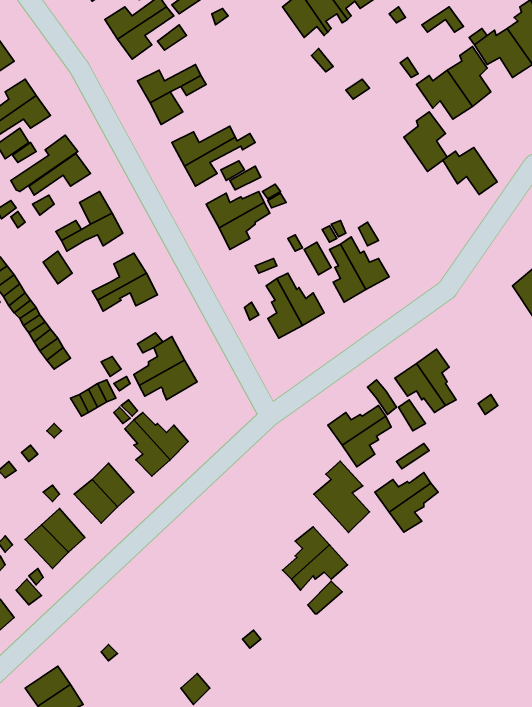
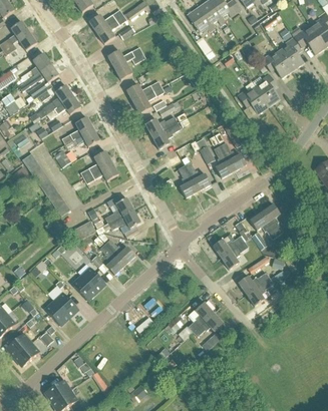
building: [443,148,497,195] -> [238,87,268,113]
building: [314,461,370,533] -> none

